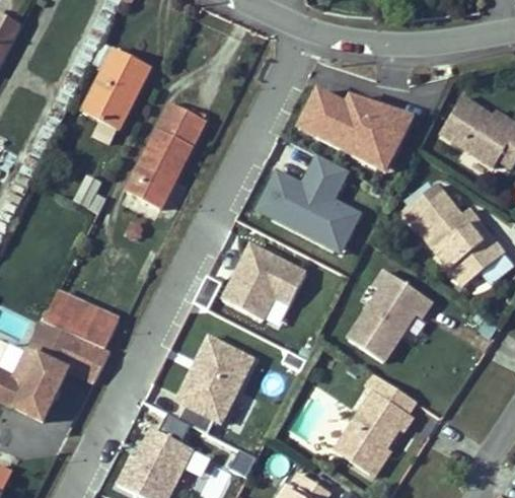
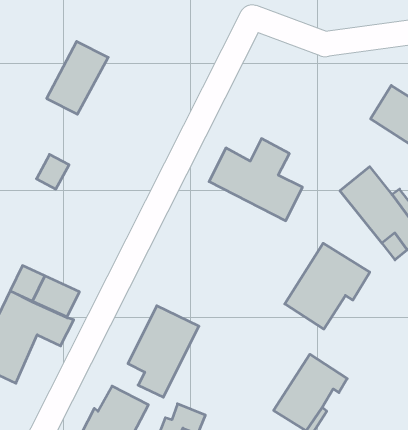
building: [302,86,410,160] -> none
building: [128,103,205,208] -> none
building: [227,240,312,311] -> none

